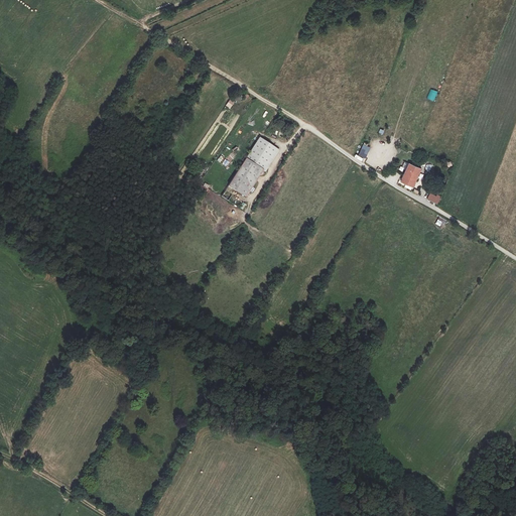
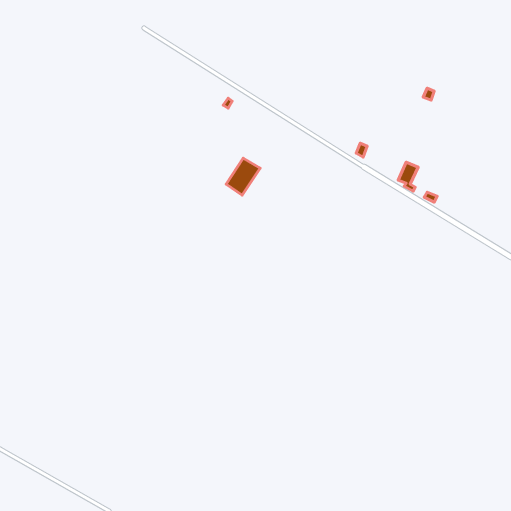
building: [245,137,278,171] -> none

